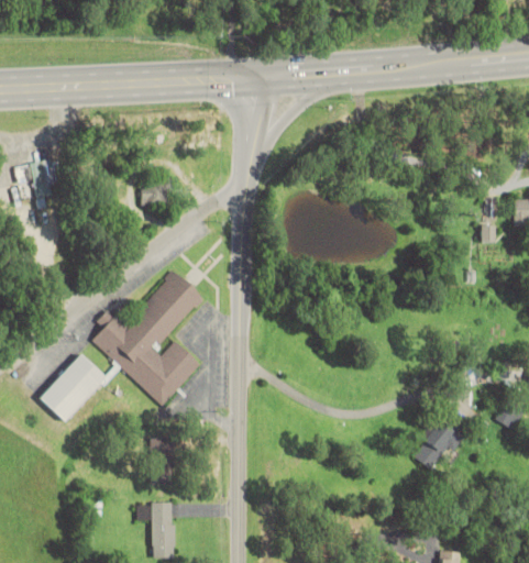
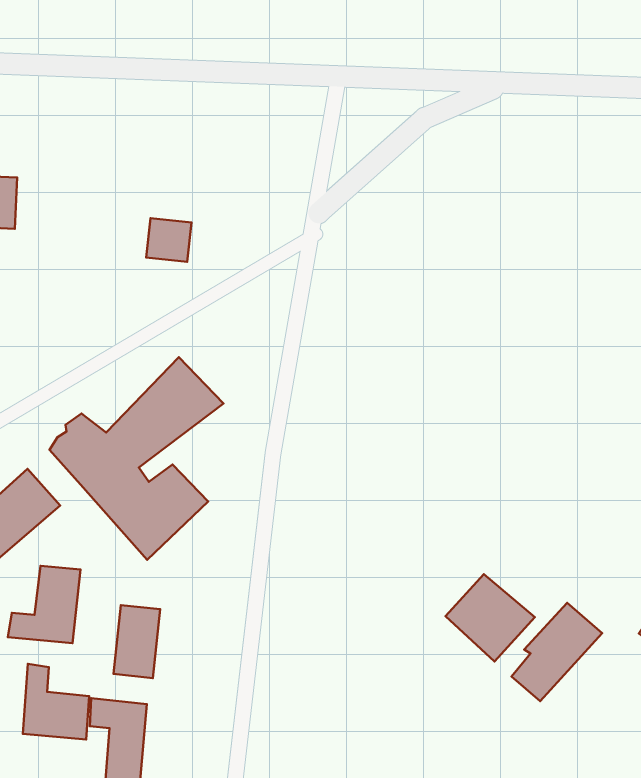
building: none -> [446,574,535,661]
building: none -> [8,566,80,643]
building: none -> [23,664,89,739]

